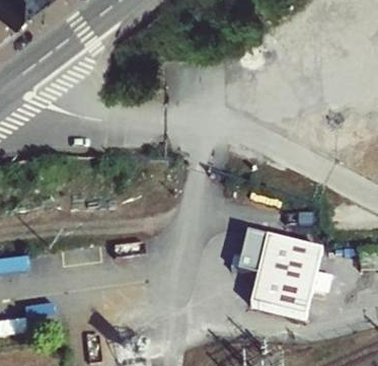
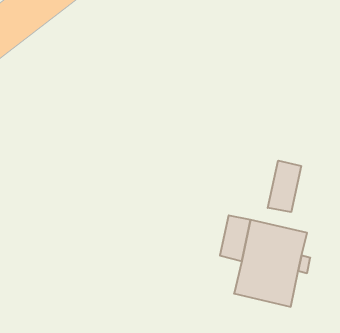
building: none -> [268,161,301,212]

